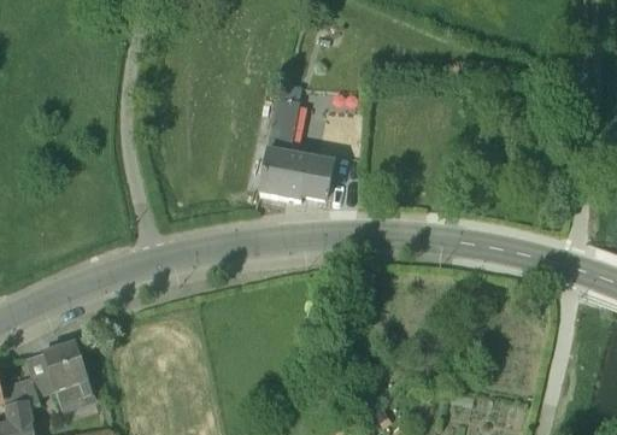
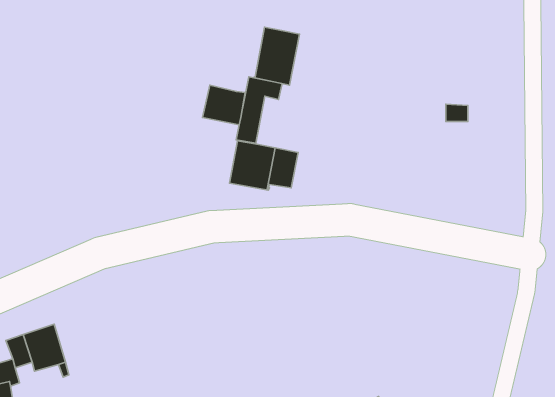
building: none -> [254,27,300,85]
building: none -> [202,85,245,125]

